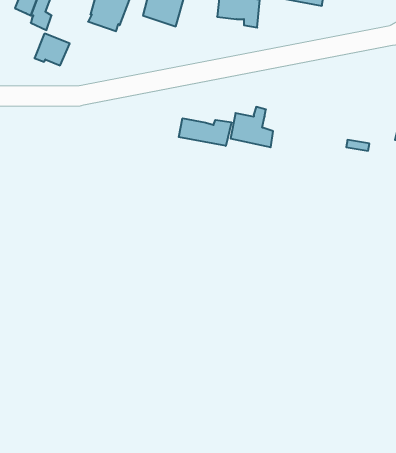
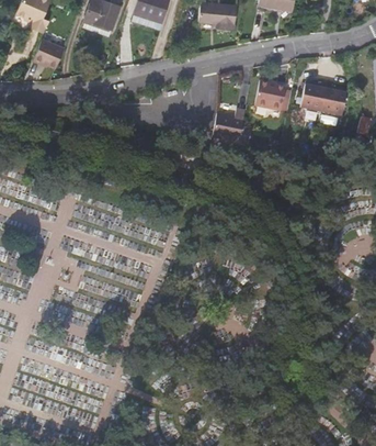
building: none -> [252,75,282,104]
building: none -> [300,85,346,116]
building: [179,118,231,146] -> none

